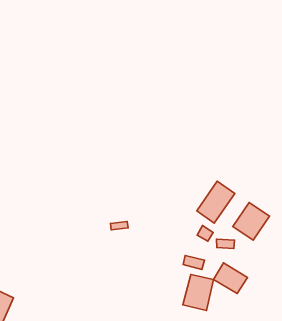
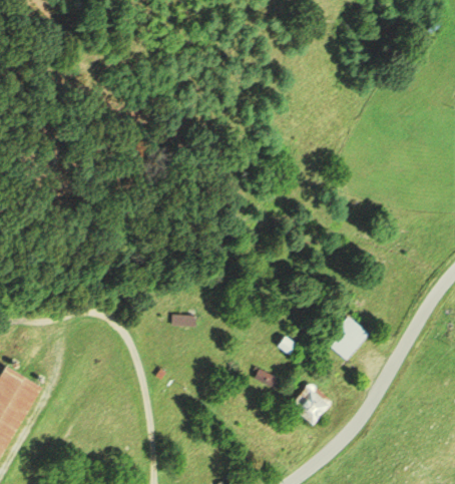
building: [197,181,235,223] -> none
building: [183,274,214,311] -> none

